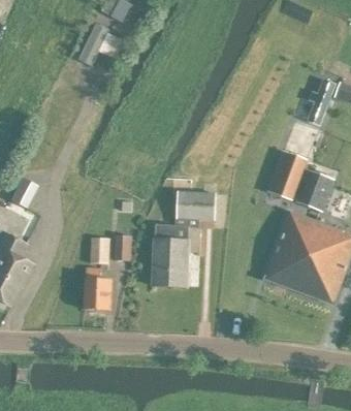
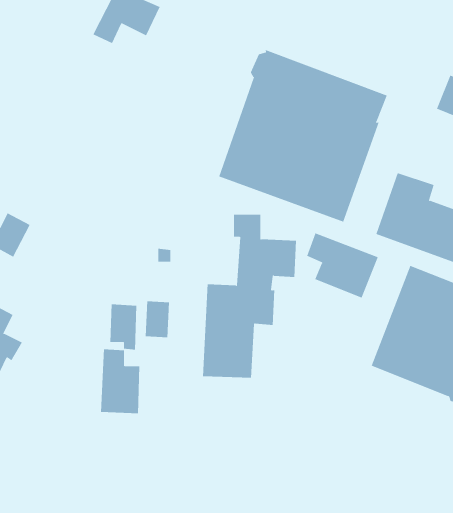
building: none -> [218,49,387,223]
building: none -> [307,232,378,299]

